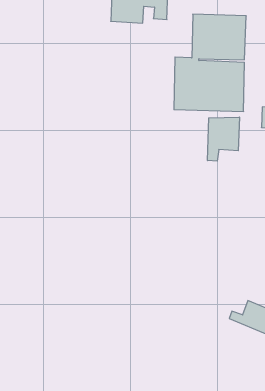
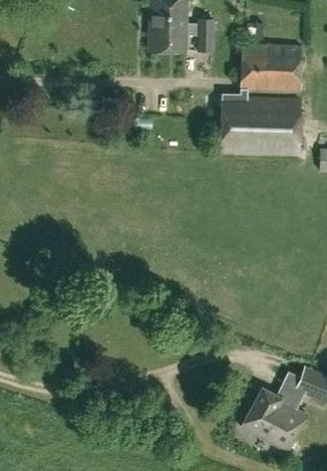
building: [208,117,239,161] -> none
building: none -> [244,388,306,456]

